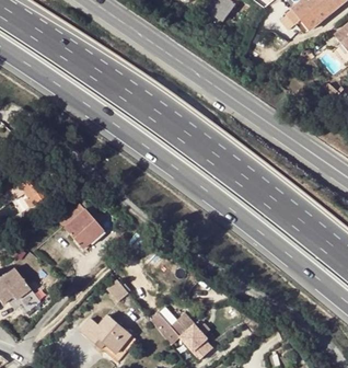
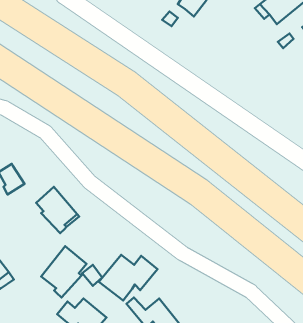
building: none -> [41,246,86,298]
building: none -> [99,255,158,301]

